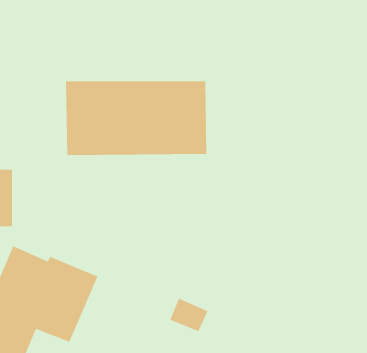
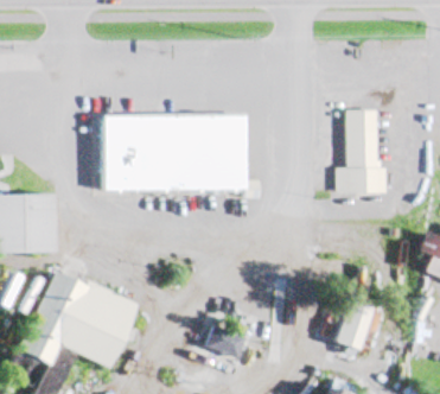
building: none -> [338,113,387,201]
building: none -> [330,303,371,355]

